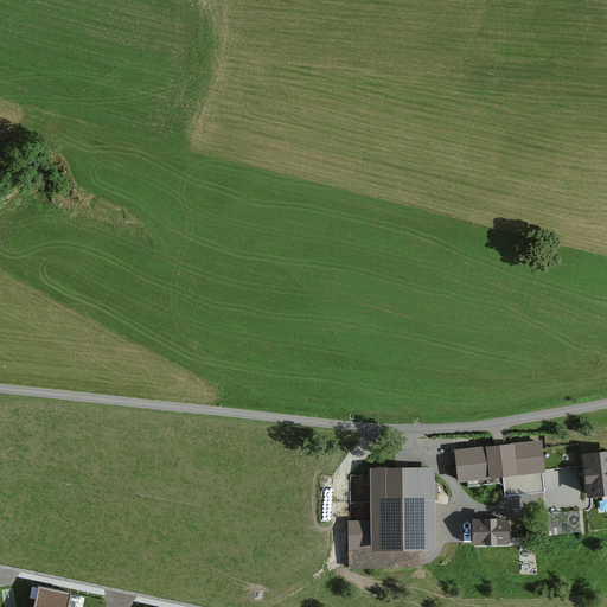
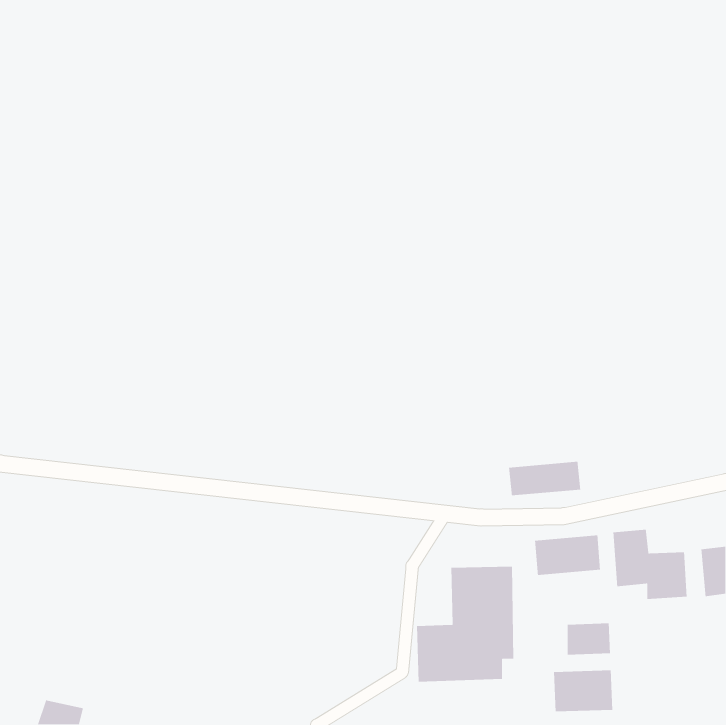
building: none -> [508,461,581,496]
building: none -> [553,669,613,712]

